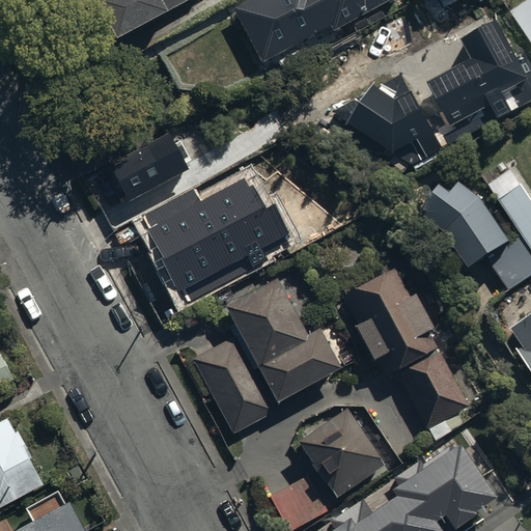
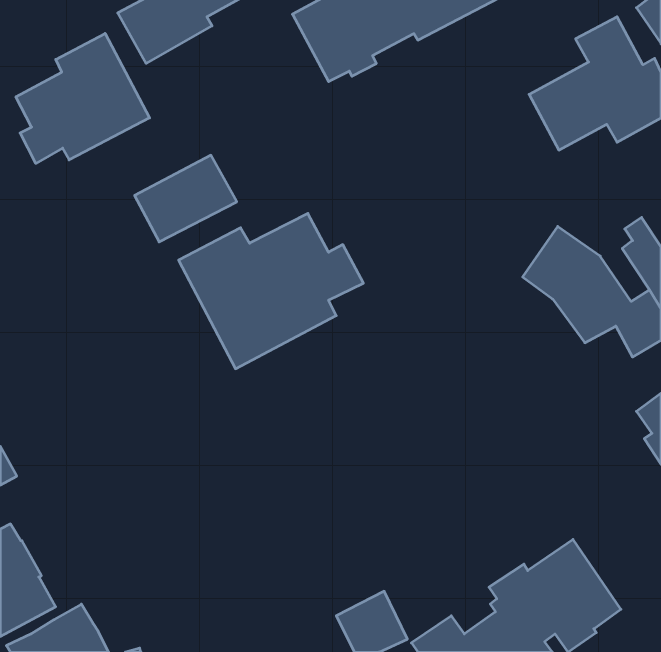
building: none -> [16,33,150,163]
building: [347,78,443,158] -> none
building: [344,269,473,435] -> none
building: [195,285,342,434] -> none
building: [298,414,385,503] -> none

